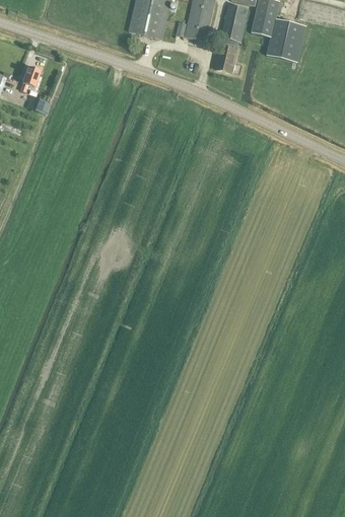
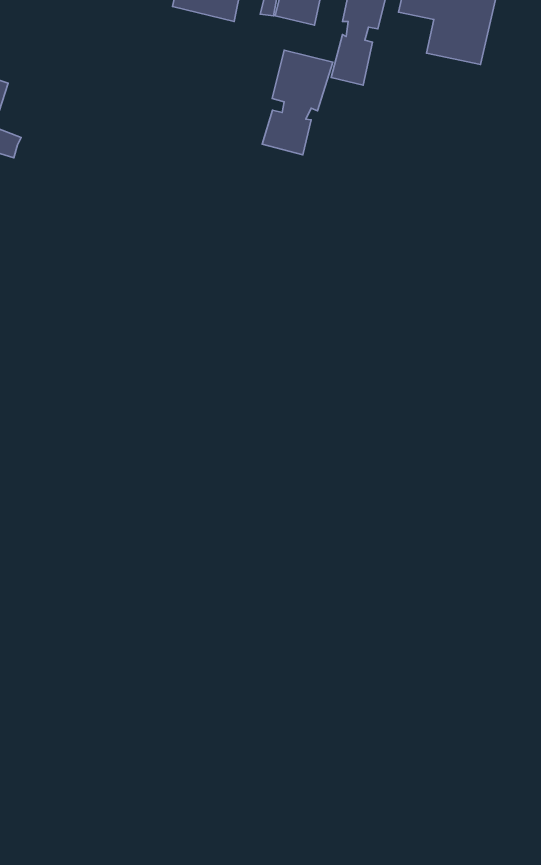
building: none -> [262,50,333,155]

